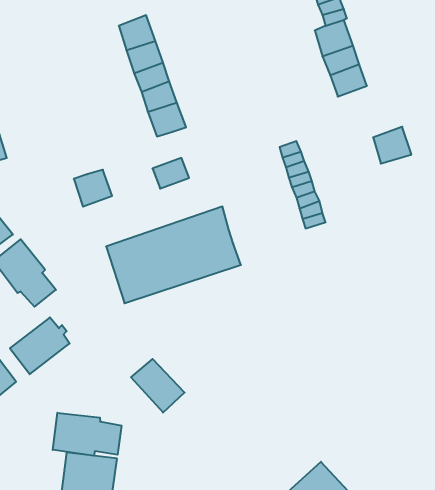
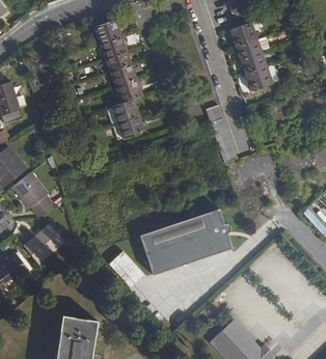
building: [373,127,411,164] -> [246,67,272,92]
building: [74,170,112,207] -> [114,99,140,123]
building: [106,207,241,303] -> [140,210,232,275]
building: [53,413,121,456] -> none

